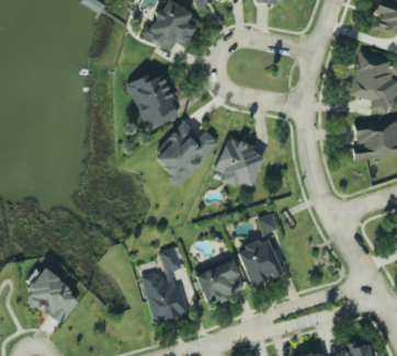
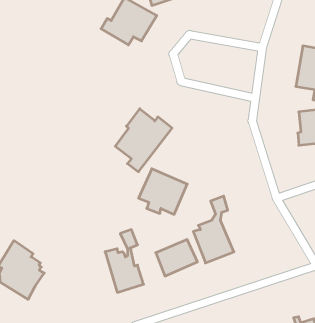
building: [126,74,180,127] -> none
building: [213,138,265,187] -> [139,169,187,214]

